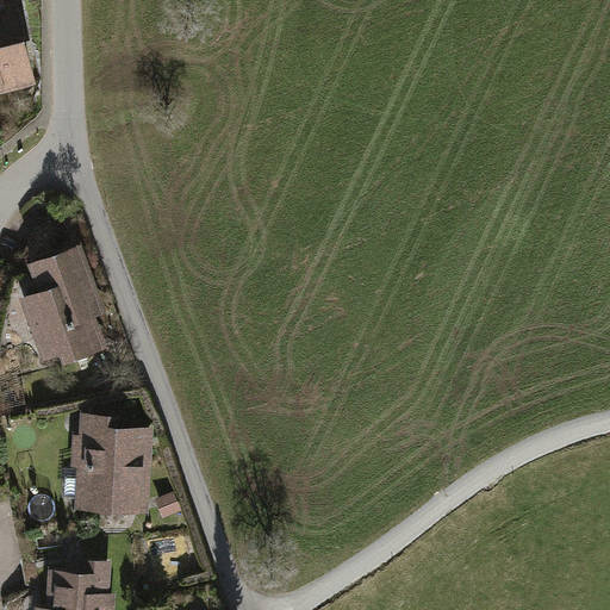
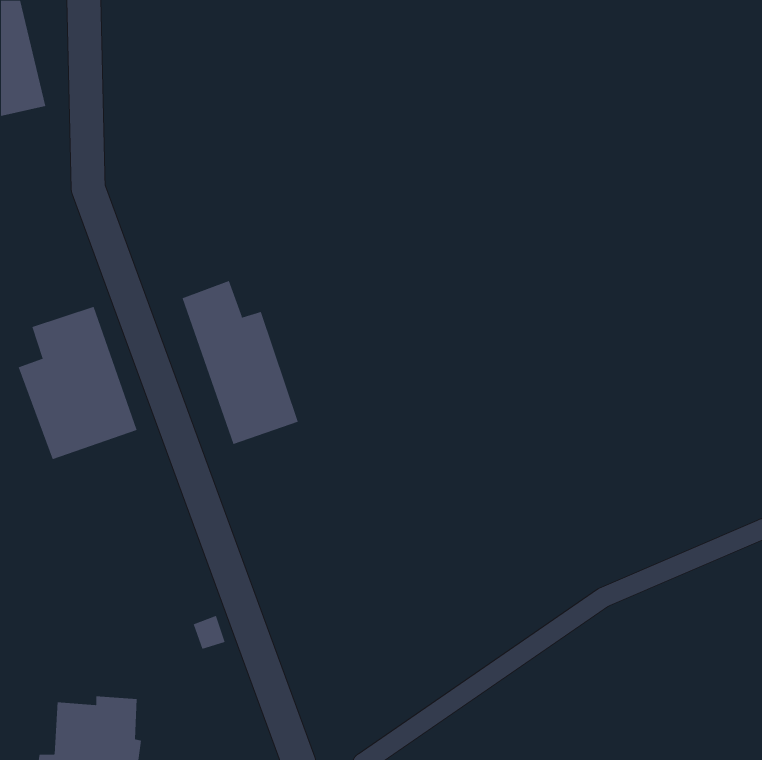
building: none -> [182,280,298,445]
building: [69,411,151,516] -> none

